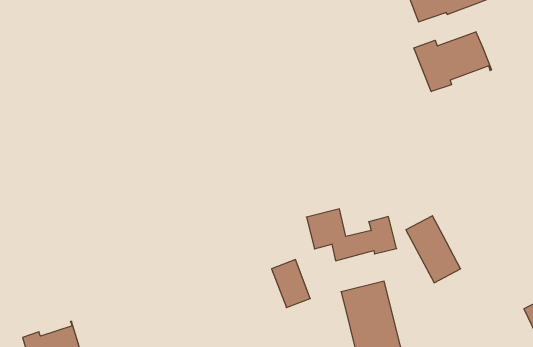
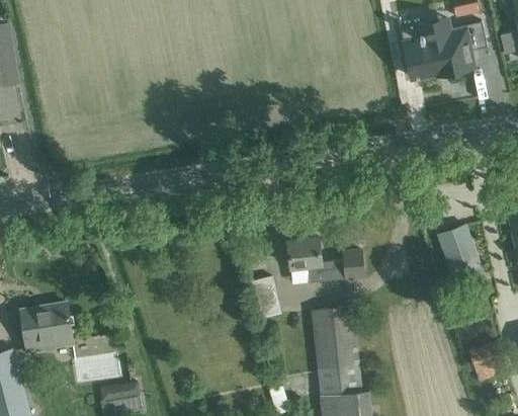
building: [414,32,491,92] -> none
building: [406,216,461,283] -> [439,224,483,283]

